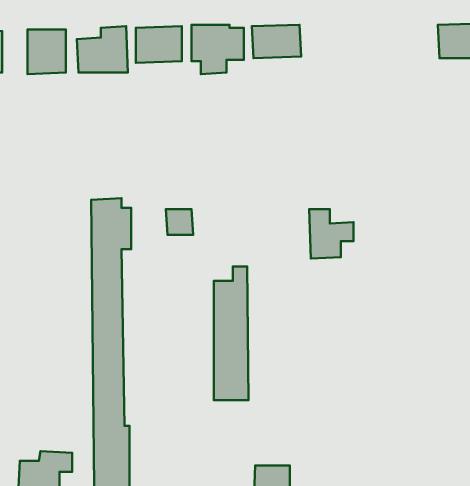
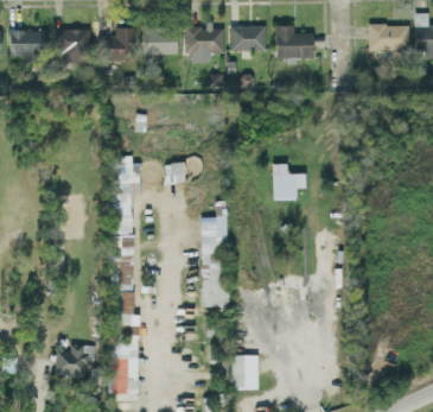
building: none -> [274,26,313,58]

